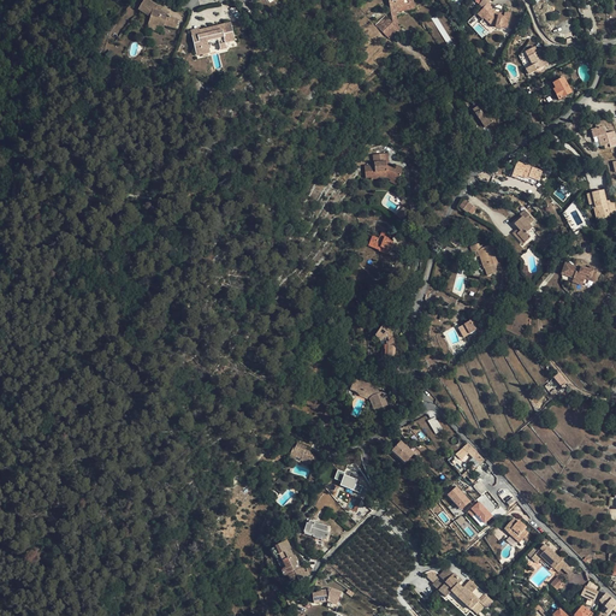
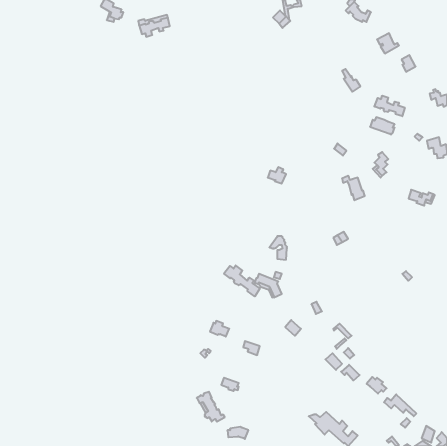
building: none -> [374,96,405,116]
building: [365,153,402,179] -> none
building: none -> [224,265,260,296]

